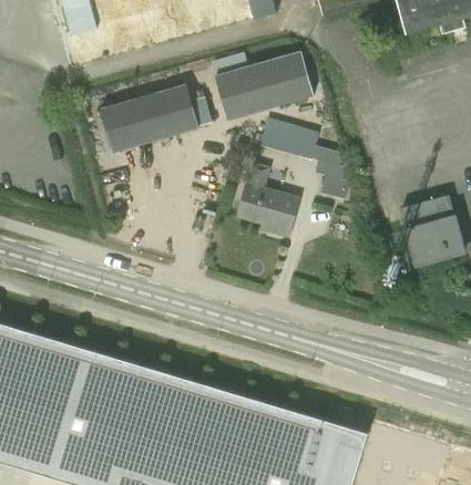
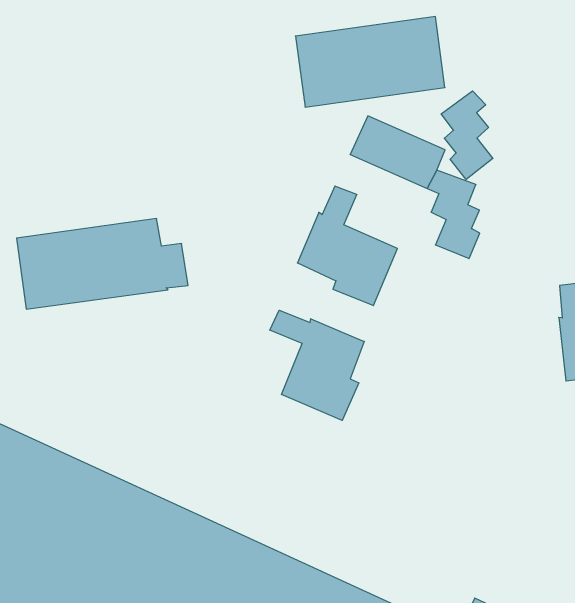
building: [100,84,211,152] -> [17,219,188,309]
building: none -> [441,91,493,179]
building: none -> [270,310,364,420]

